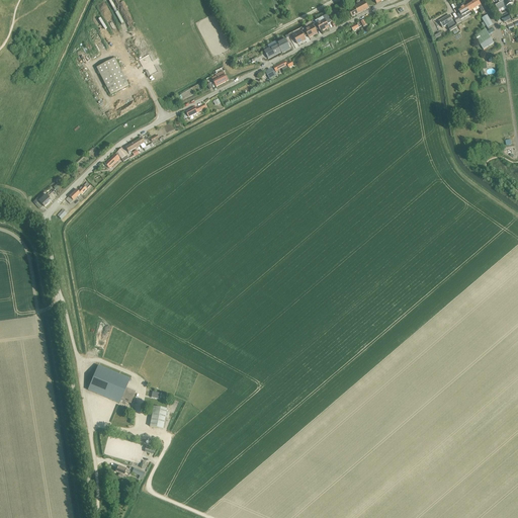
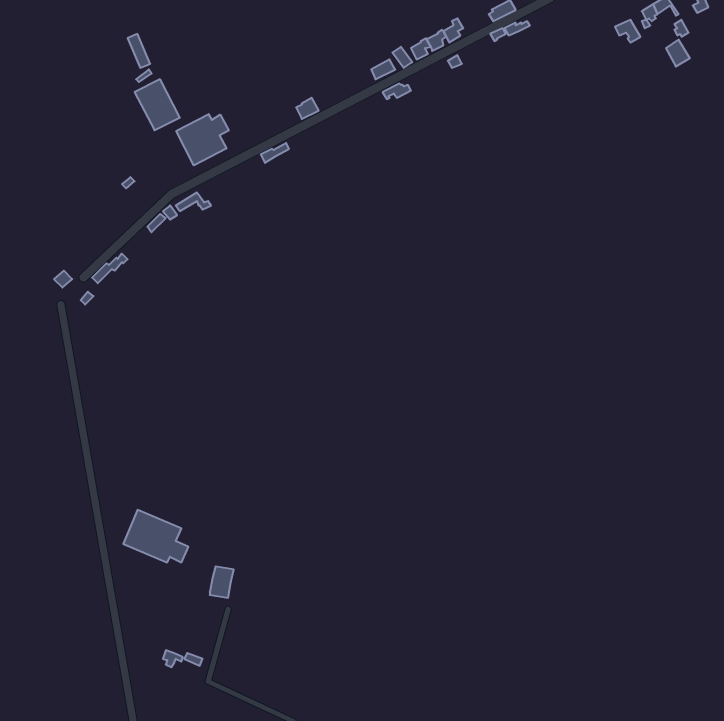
building: none -> [176,114,229,165]

